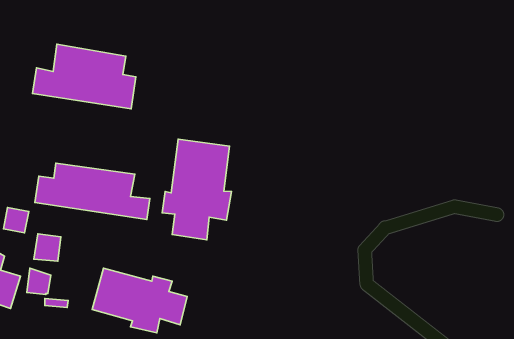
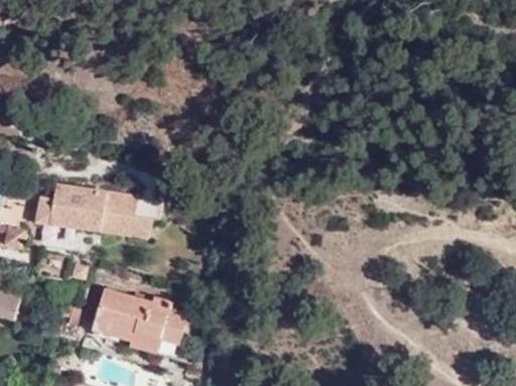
building: [32,44,136,109] -> none
building: [162,139,231,240] -> none

